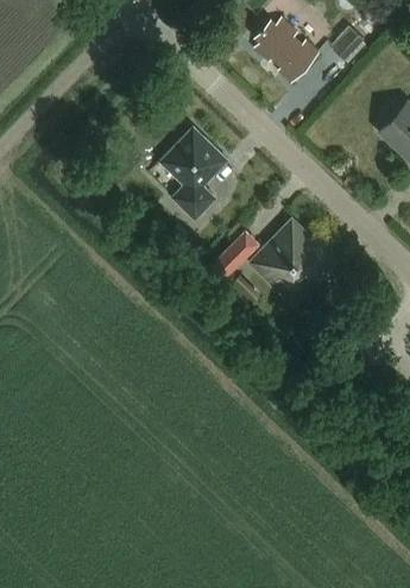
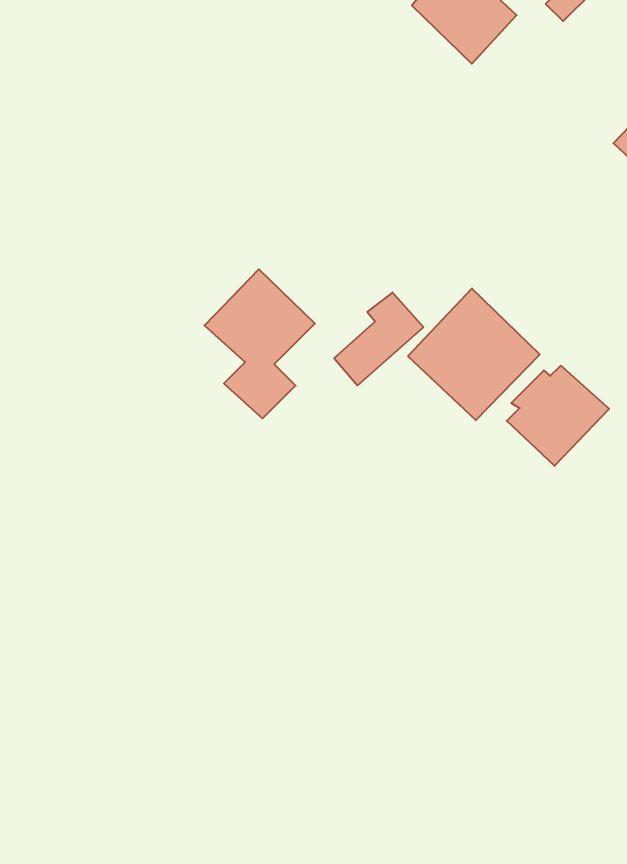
building: [159,128,227,220] -> [204,269,315,418]
building: none -> [507,366,609,466]

